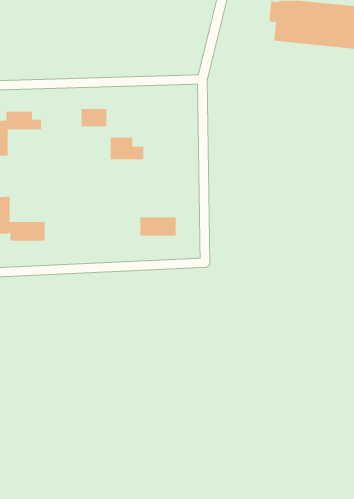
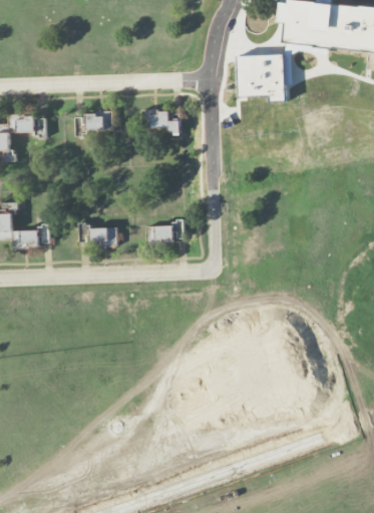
building: none -> [238,53,288,101]
building: [110,137,144,160] -> [146,110,181,133]
building: none -> [91,227,116,245]

